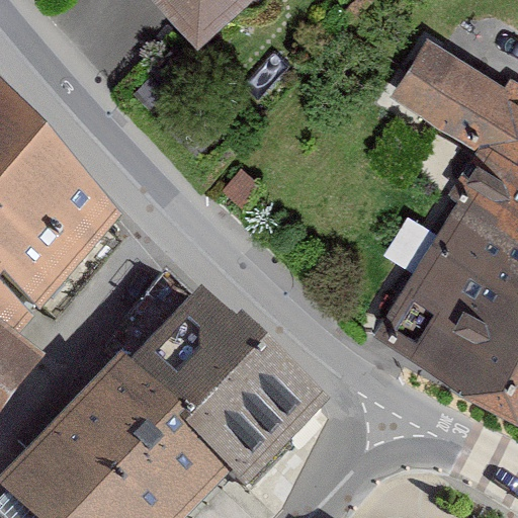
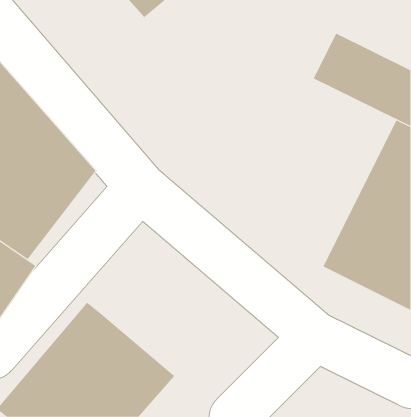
building: [124,303,298,473] -> none

